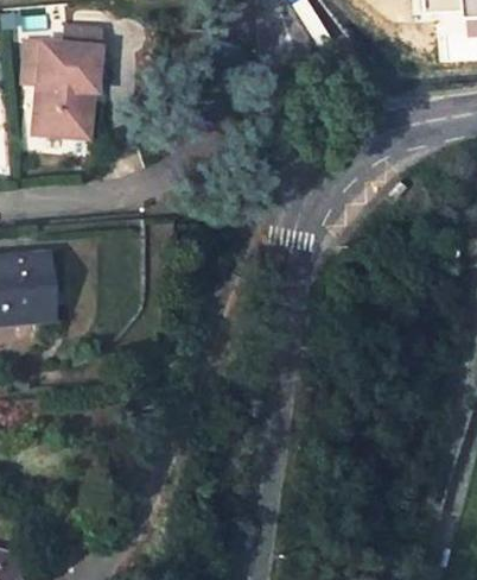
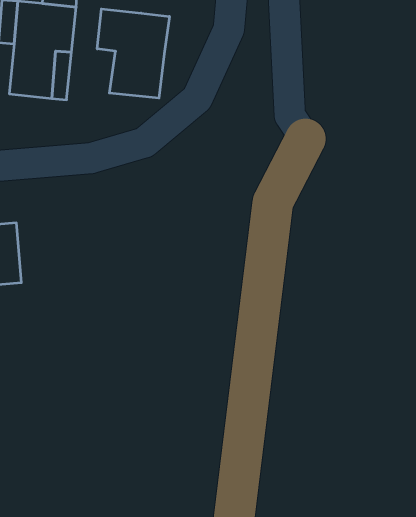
building: none -> [97,9,169,98]

